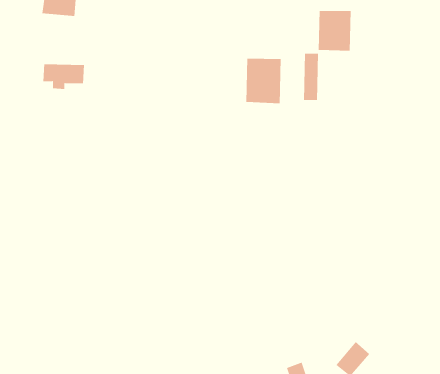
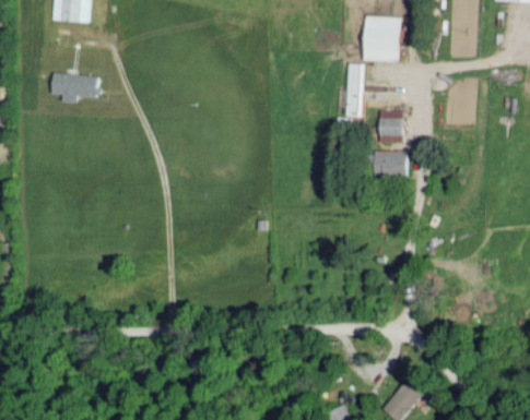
building: [246,58,281,104] -> none
building: none -> [378,110,402,143]
building: none -> [372,151,408,175]

